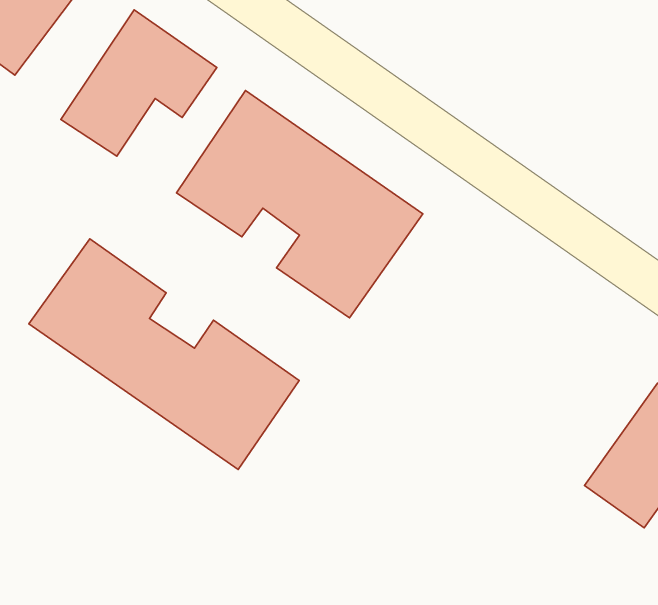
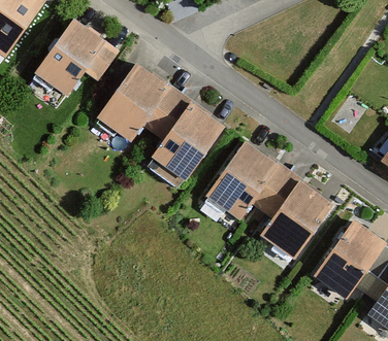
building: none -> [202,140,330,258]
building: [29,239,299,470] -> none

